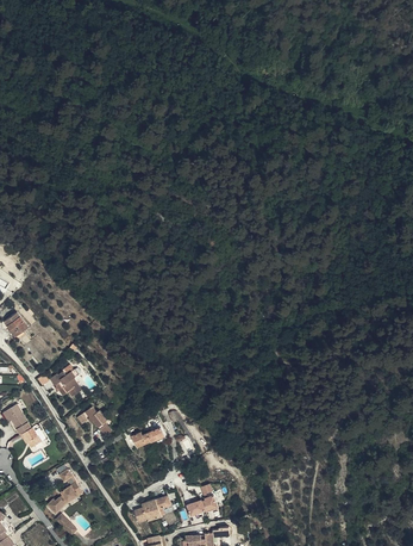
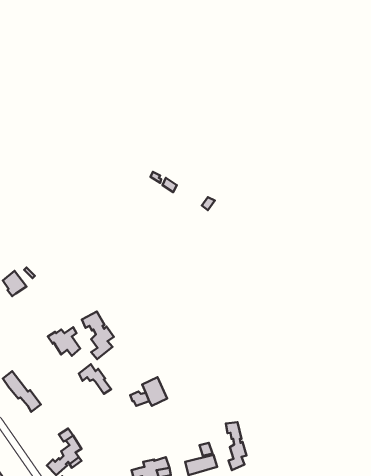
building: none -> [82,312,114,359]
building: none -> [226,422,247,470]

